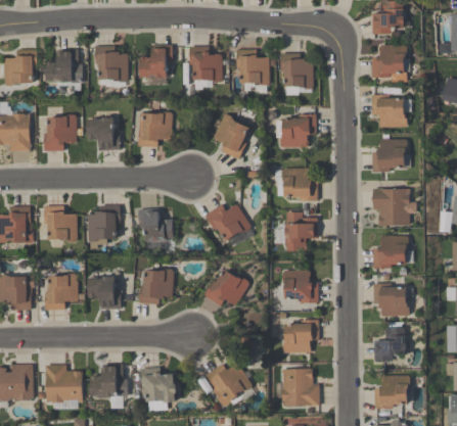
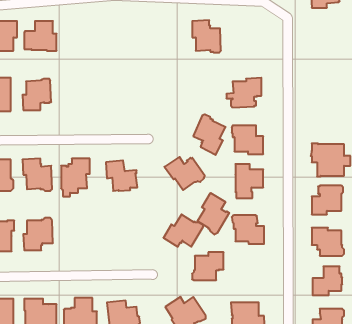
building: [139,45,172,78] -> none
building: [371,45,407,82] -> none
building: [94,46,128,81] -> none
building: [189,46,222,89] -> none
building: [280,52,313,95] -> none
building: [370,94,407,128] -> none
building: [137,111,172,147] -> none
building: [213,113,249,159] -> [193,114,226,155]
building: [86,117,120,149] -> none
building: [371,139,407,172] -> none
building: none -> [198,193,229,235]
building: [139,269,173,303] -> none
building: [87,276,121,310] -> none
building: [282,320,318,351] -> [192,252,224,280]

